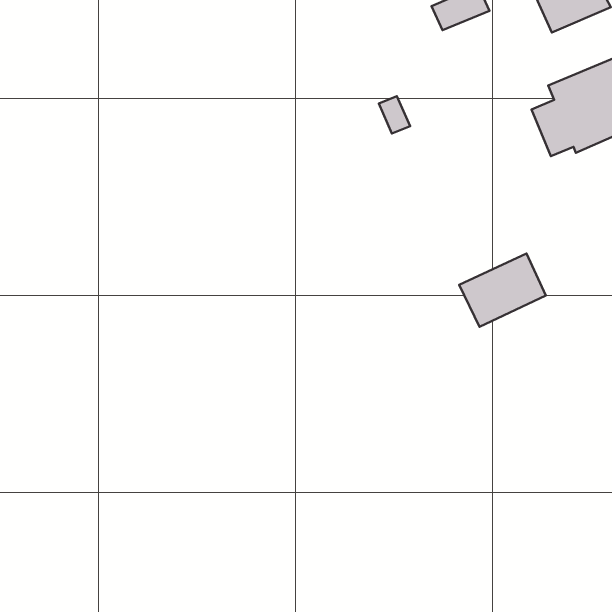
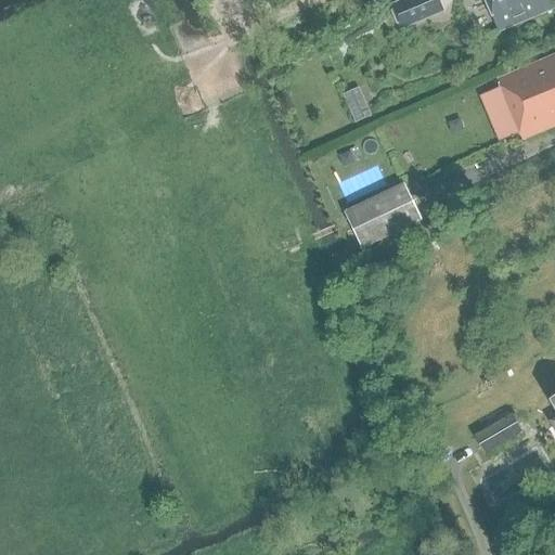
building: [459,253,546,327] -> [345,183,423,249]
building: none -> [474,412,524,454]

